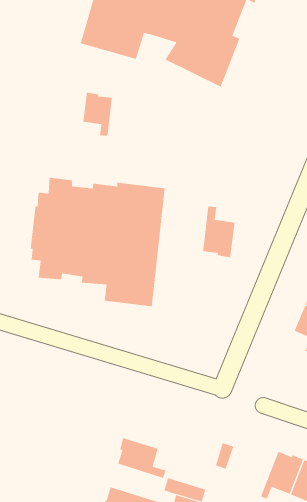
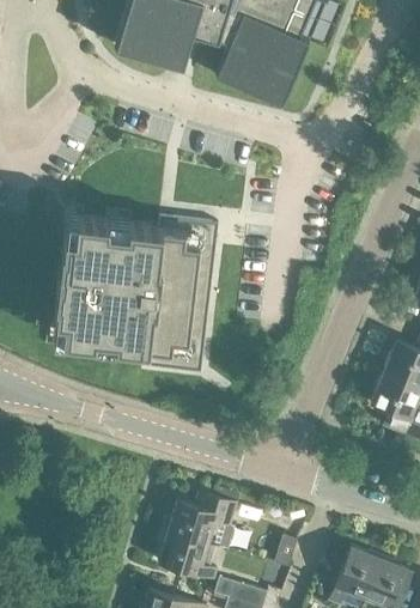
building: [83,92,112,136] -> none
building: [202,206,235,258] -> none
building: none -> [165,492,237,548]

